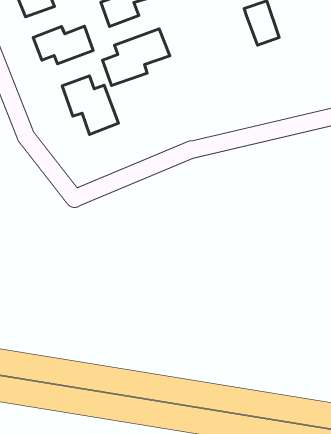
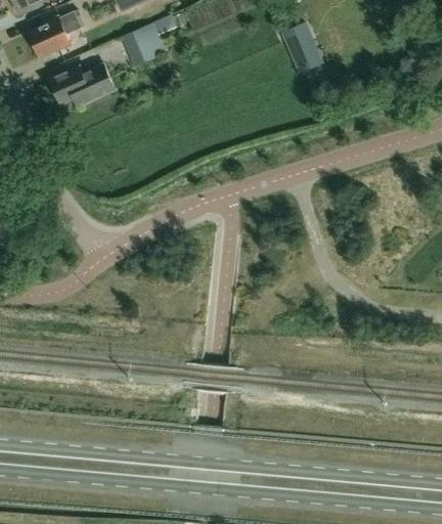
building: [103,29,170,86] -> none
building: [62,76,118,135] -> none

